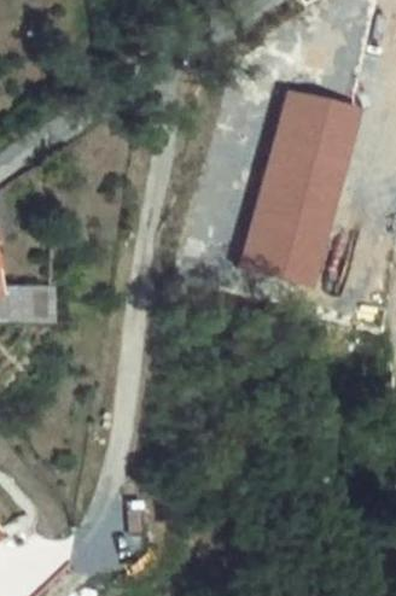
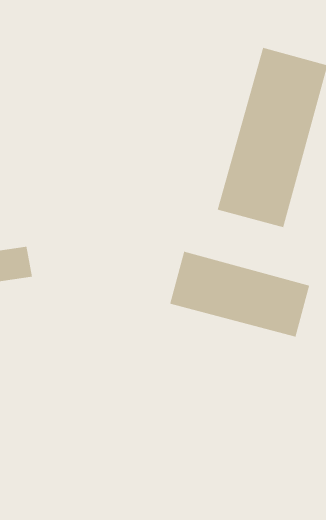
building: none -> [169,251,310,338]

